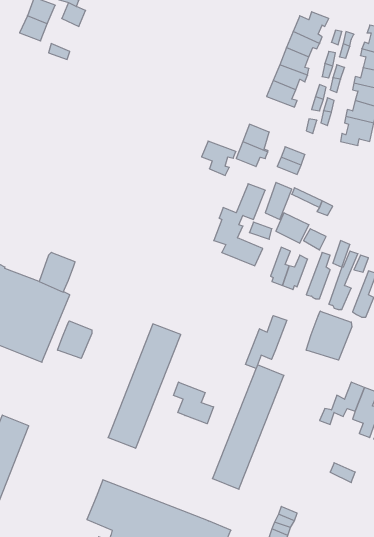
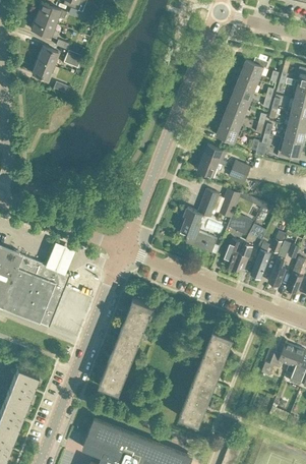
building: [202,141,236,175] -> [216,123,242,150]
building: [306,311,352,360] -> none
building: [246,316,287,368] -> none
building: [58,321,92,358] -> none
building: [173,382,214,424] -> none

